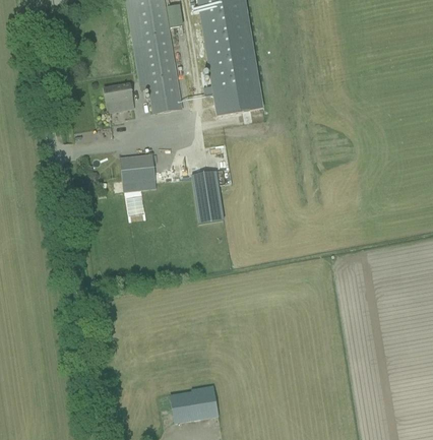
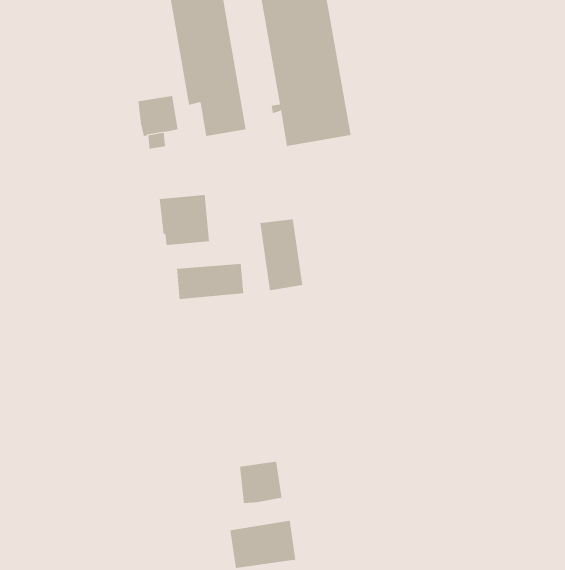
building: none -> [176,263,244,300]
building: none -> [239,461,282,504]

